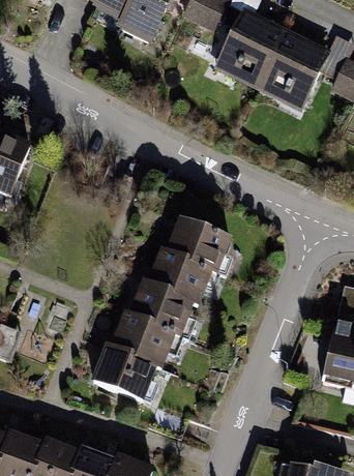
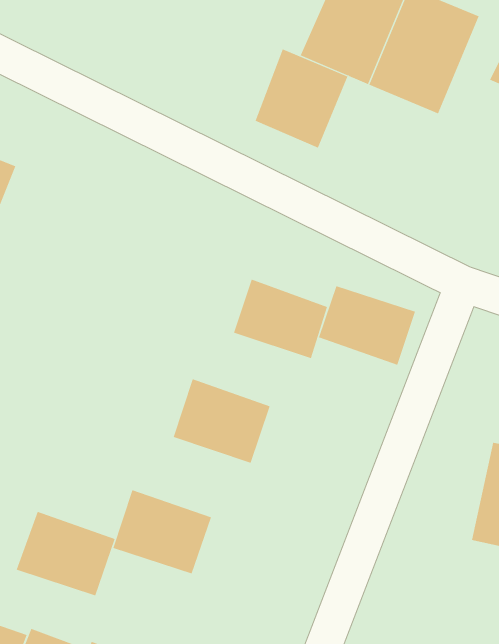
building: none -> [255,49,348,149]
building: [150,248,212,299] -> [318,285,416,365]
building: [112,315,175,368] -> [16,511,115,596]

